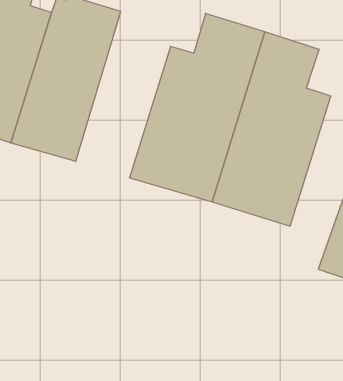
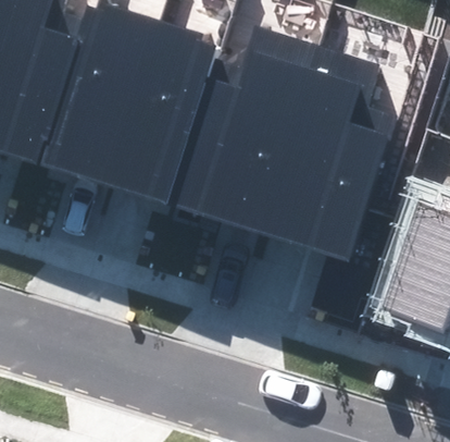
building: none -> [107,19,214,205]

